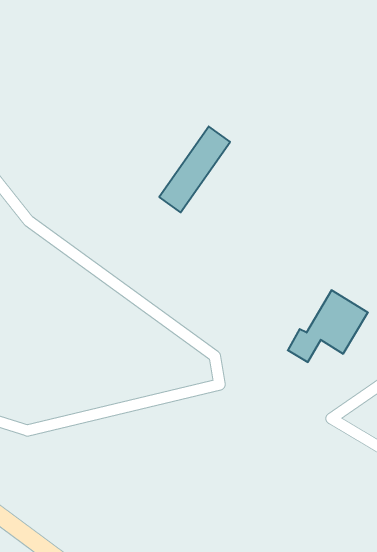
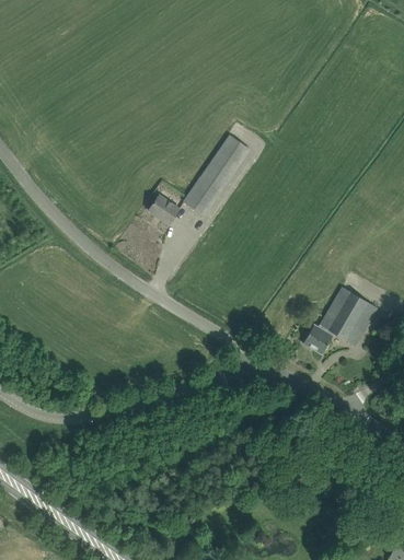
building: none -> [147,194,178,223]

